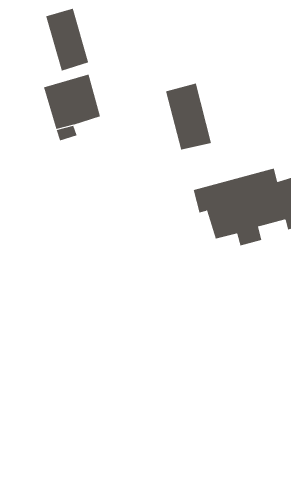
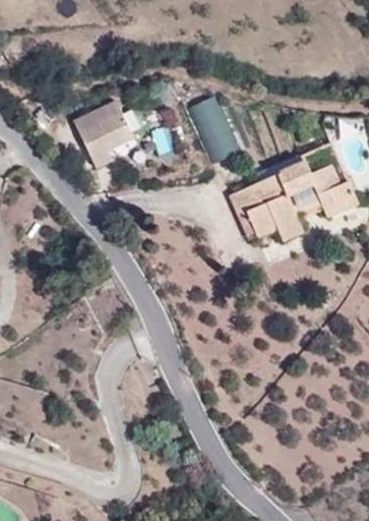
building: [45,8,89,72] -> none

